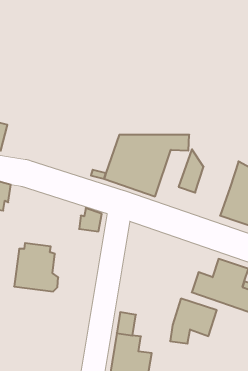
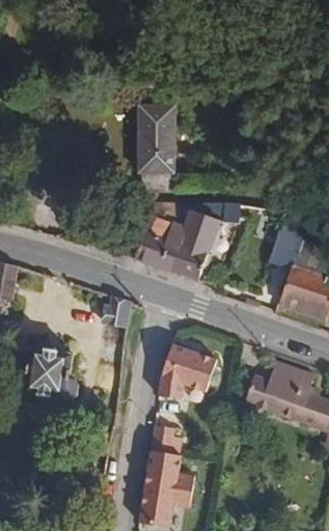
building: none -> [139,106,174,191]
building: [179,149,204,193] -> [271,216,302,270]
building: [170,299,217,344] -> [159,343,217,399]

